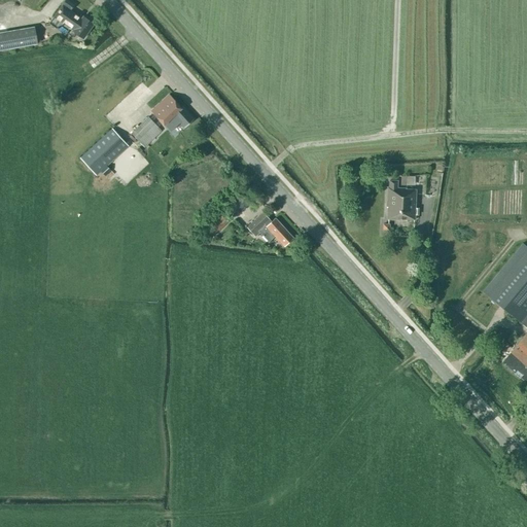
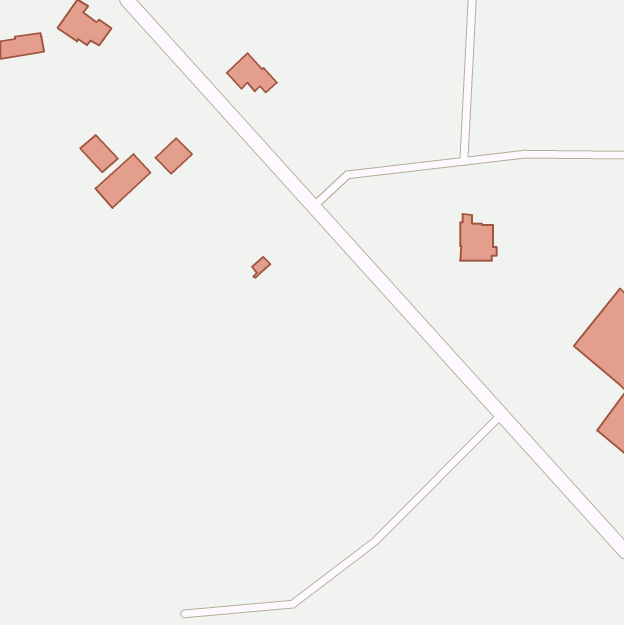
building: [152,95,195,128] -> [227,53,277,92]
building: none -> [80,135,118,172]
building: [249,214,293,246] -> none

